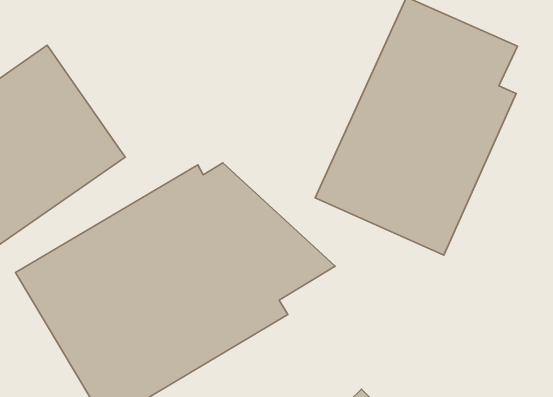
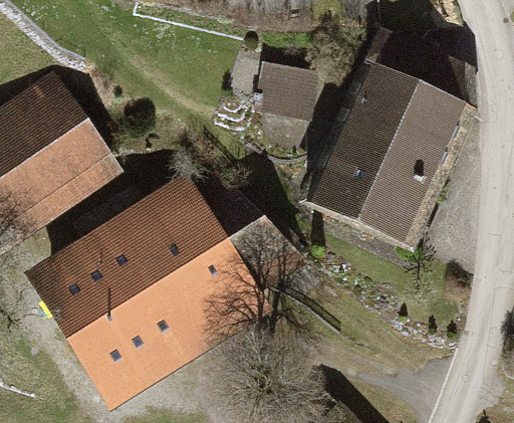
building: none -> [245,56,324,122]

